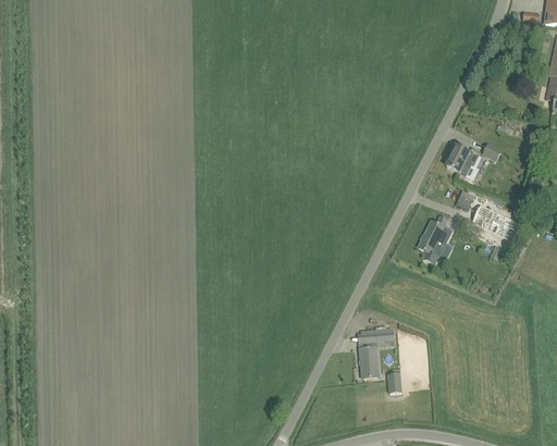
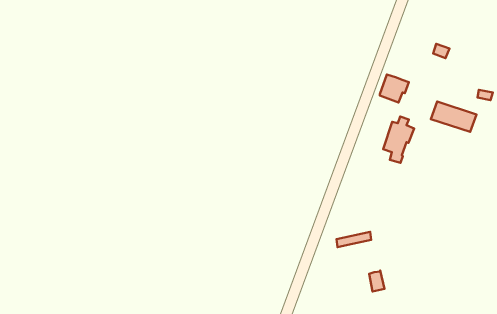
building: [446,146,478,176] -> [380,75,409,102]
building: [359,346,377,379] -> none

